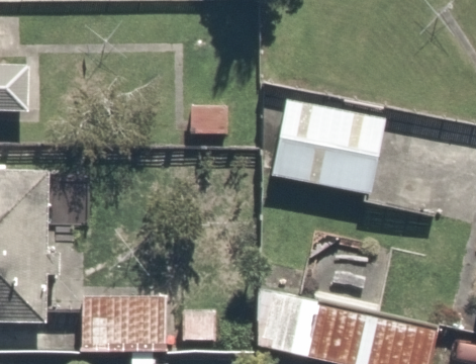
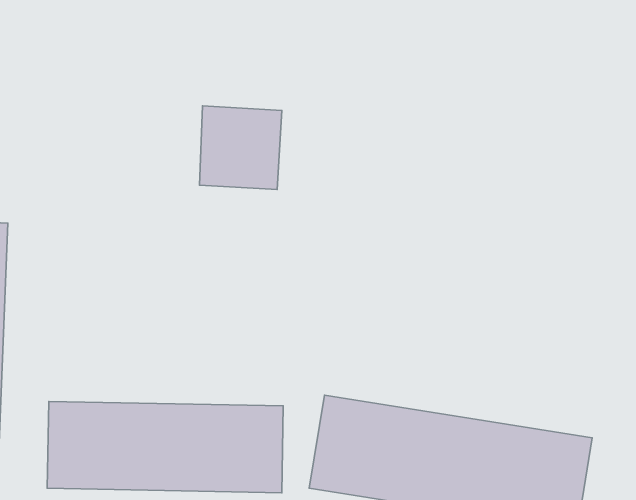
building: [271,102,386,195] -> none

